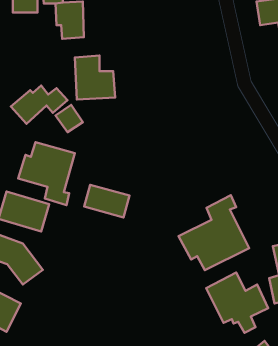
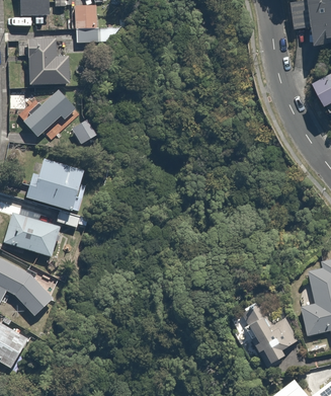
building: [75,56,115,99] -> [26,37,71,86]
building: [84,185,129,218] -> none
building: [179,195,249,270] -> none

